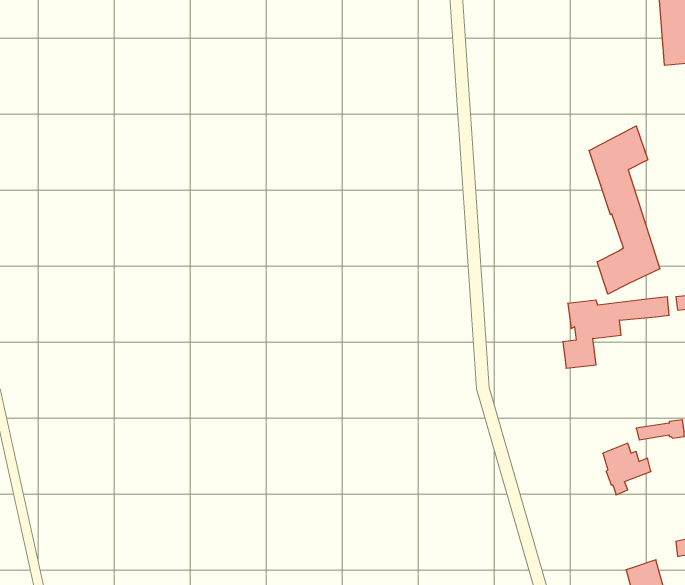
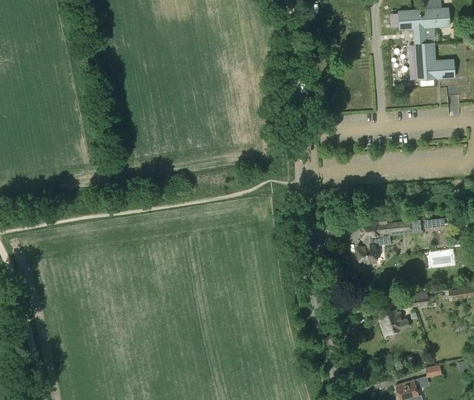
building: [589,126,660,294] -> none

